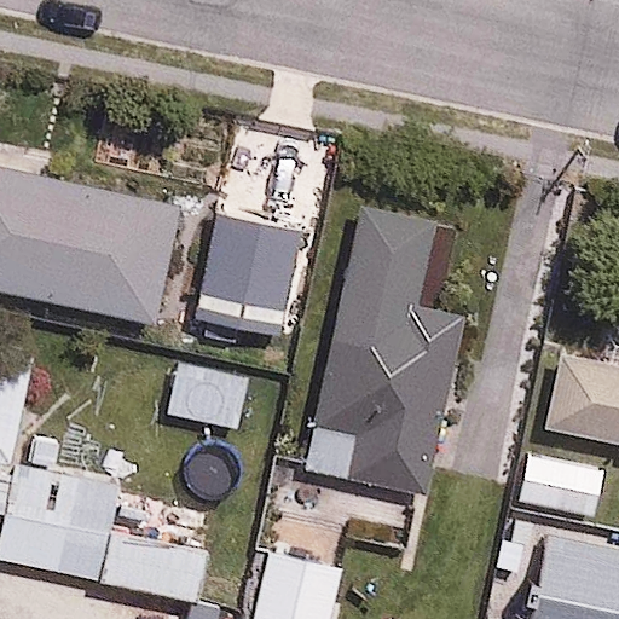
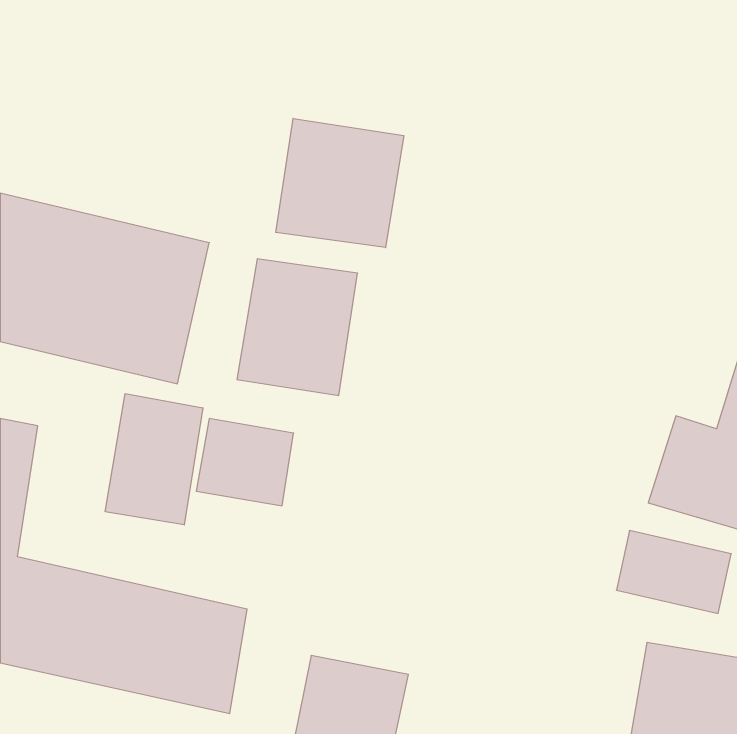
building: none -> [276,118,404,248]
building: [300,238,462,487] -> none
building: none -> [105,394,203,525]

